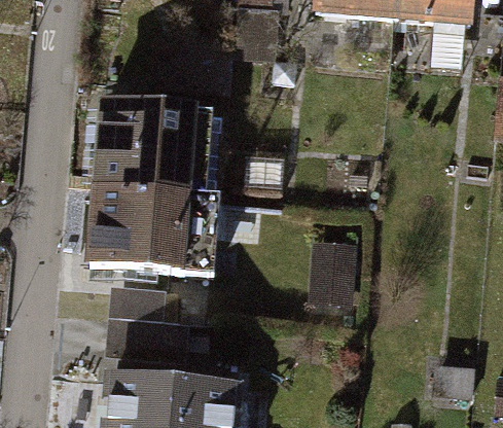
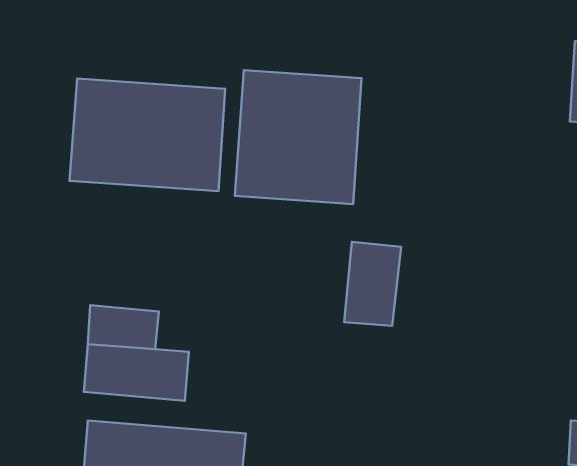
building: none -> [235,70,361,204]
building: [89,187,219,271] -> none

